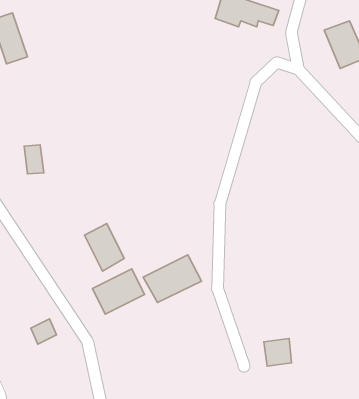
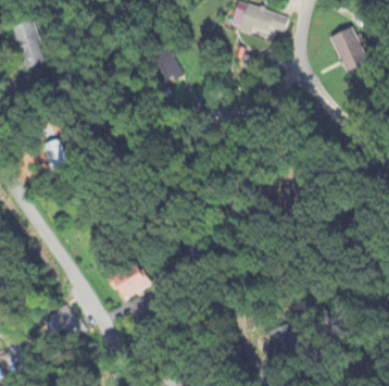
building: none -> [152,49,177,80]
building: [84,223,124,271] -> none
building: [143,255,201,302] -> none

